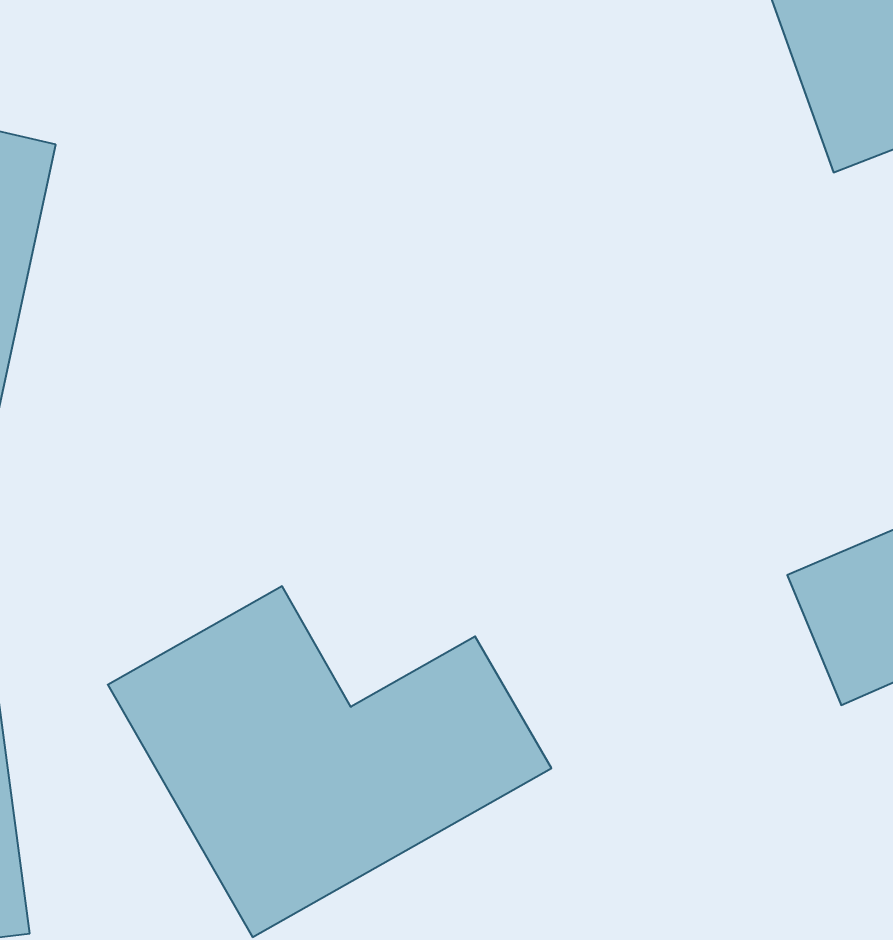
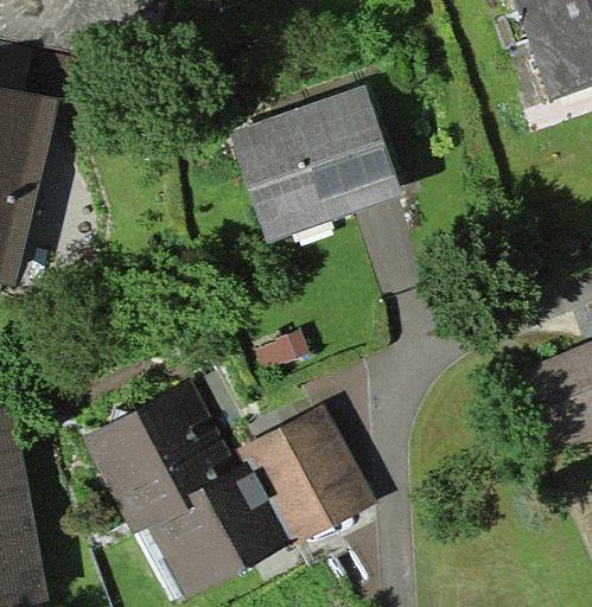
building: none -> [228,87,394,238]

